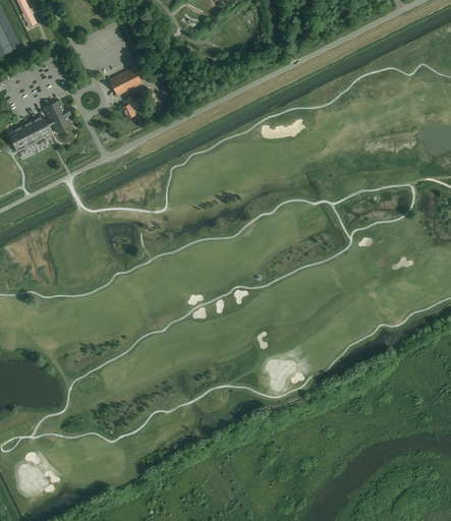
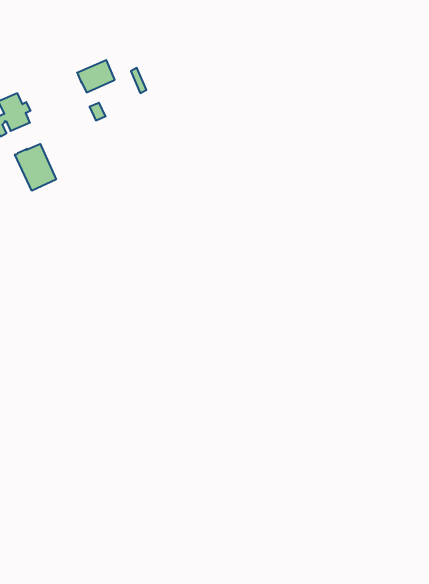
building: none -> [15,144,56,191]

